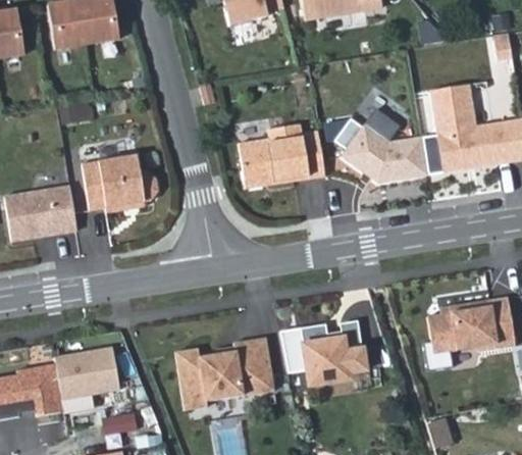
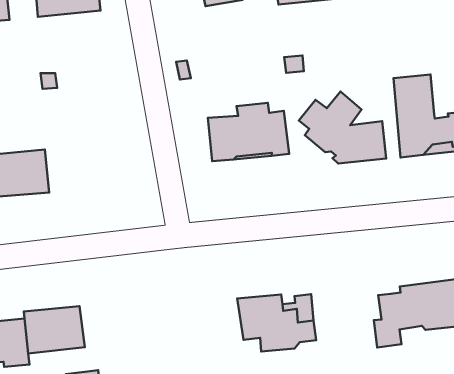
building: [81,154,156,212] -> none
building: [174,338,273,410] -> none

